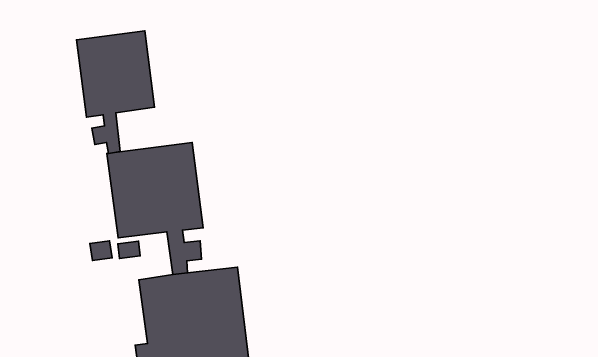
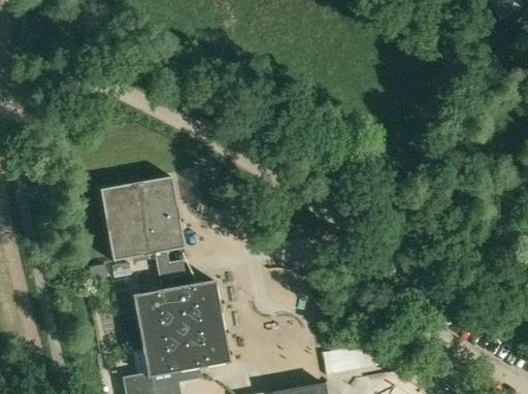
building: [76,31,155,153] -> none

